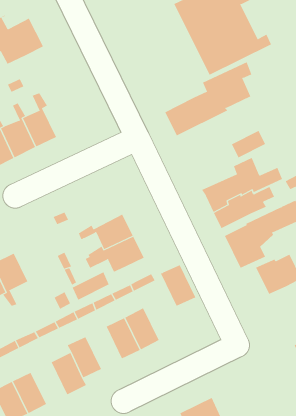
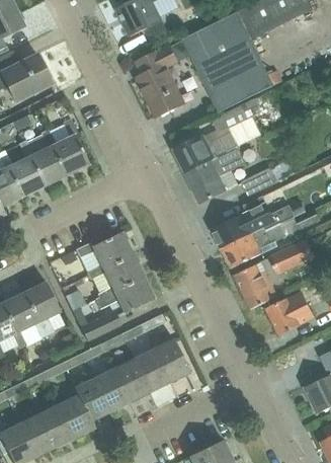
building: none -> [137,48,182,115]
building: none -> [50,119,88,175]
building: none -> [185,148,245,205]
building: none -> [75,232,131,268]
building: none -> [20,282,59,337]
building: [160,265,196,306] -> [152,339,188,382]
building: none -> [93,368,130,411]
building: none -> [37,404,74,447]

